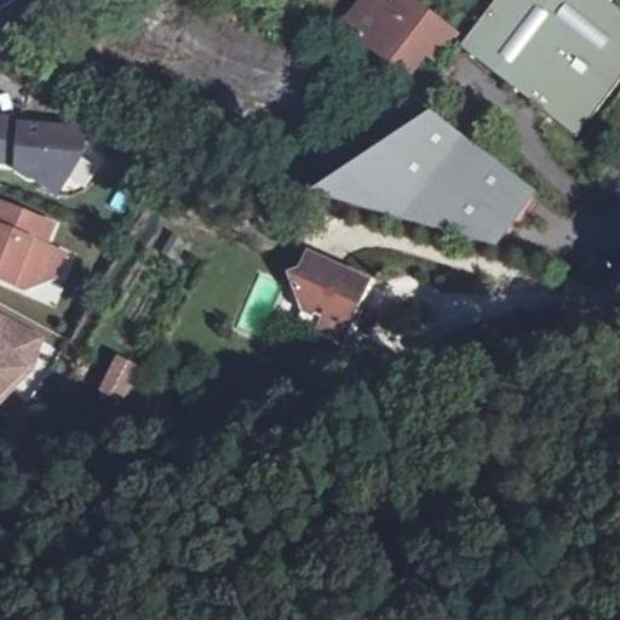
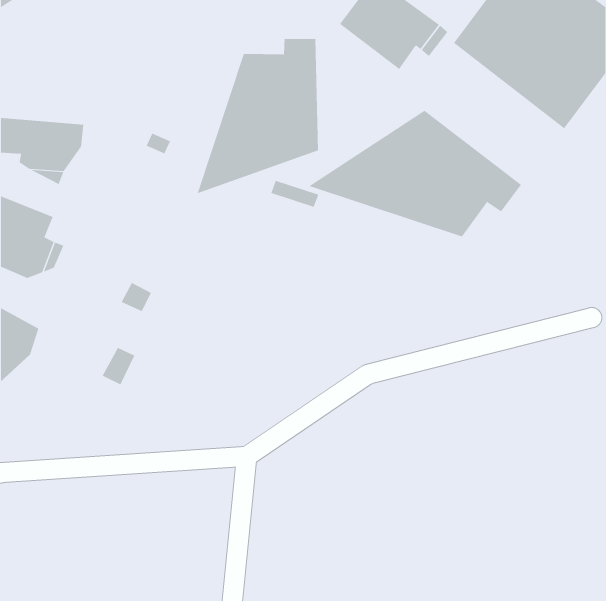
building: none -> [197,38,319,194]
building: [291,252,360,335] -> none

